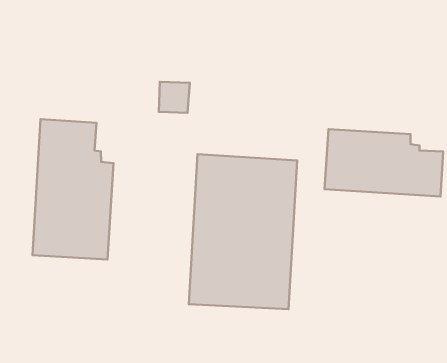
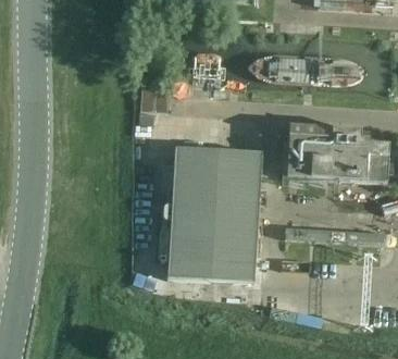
building: [33,119,113,260] -> none

